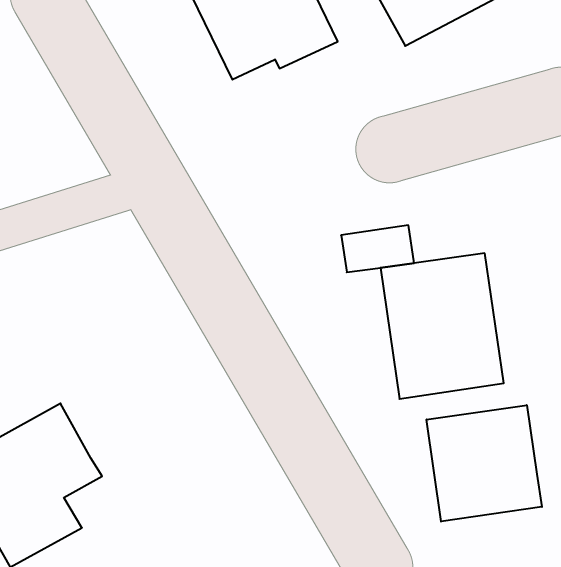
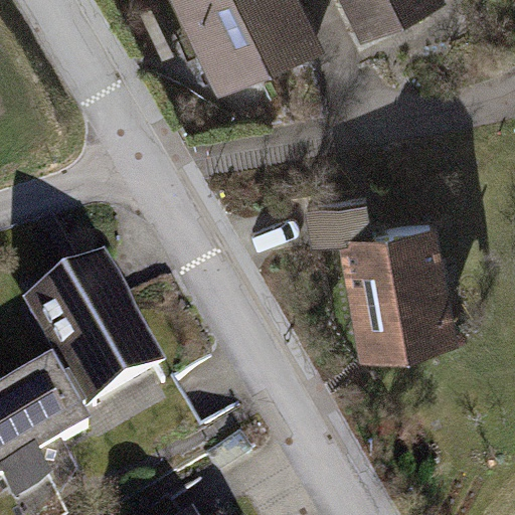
building: none -> [21,259,163,411]
building: [427,405,542,522] -> none

